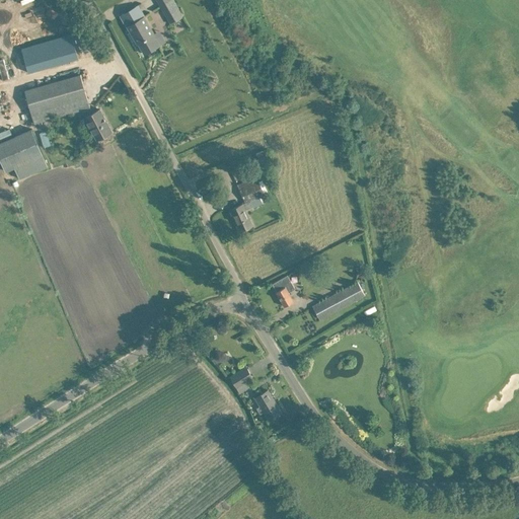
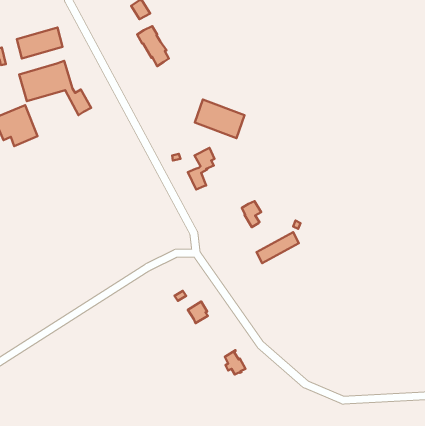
building: [119,6,157,55] -> [137,26,169,66]
building: none -> [195,100,245,138]
building: [271,276,294,307] -> [242,201,261,227]
building: [253,390,279,420] -> [225,350,246,375]

